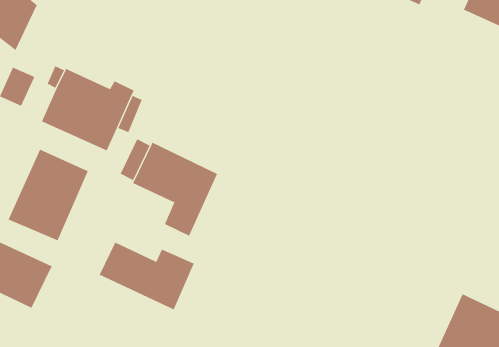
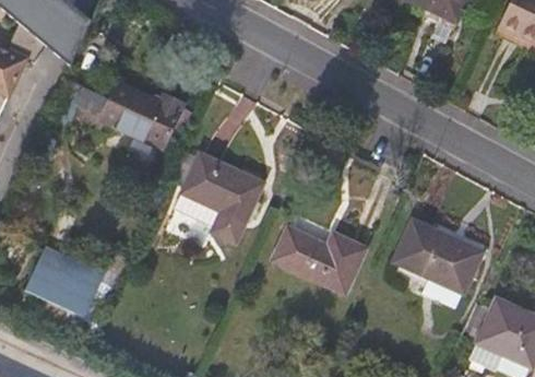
building: [8,149,89,241] -> none
building: none -> [393,219,484,294]
building: [99,242,195,310] -> [273,227,365,293]

